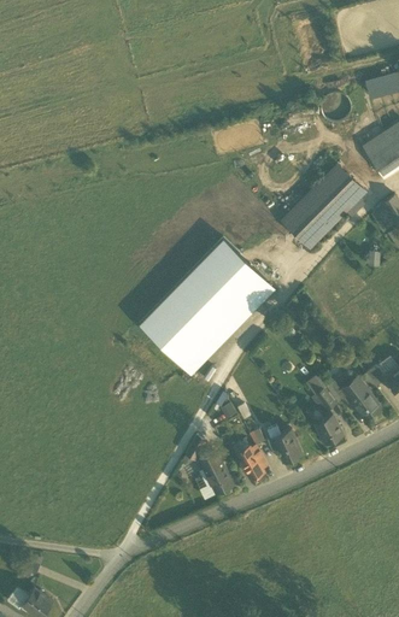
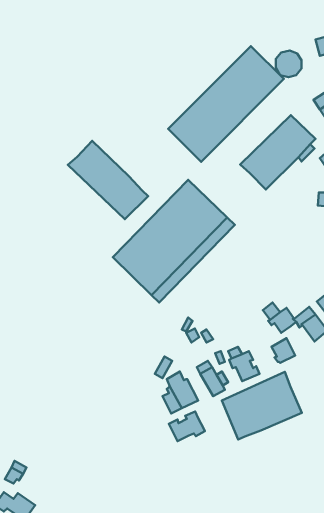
building: none -> [168,46,284,162]
building: none -> [68,141,148,219]
building: none -> [222,372,302,440]
building: none -> [169,411,205,441]

